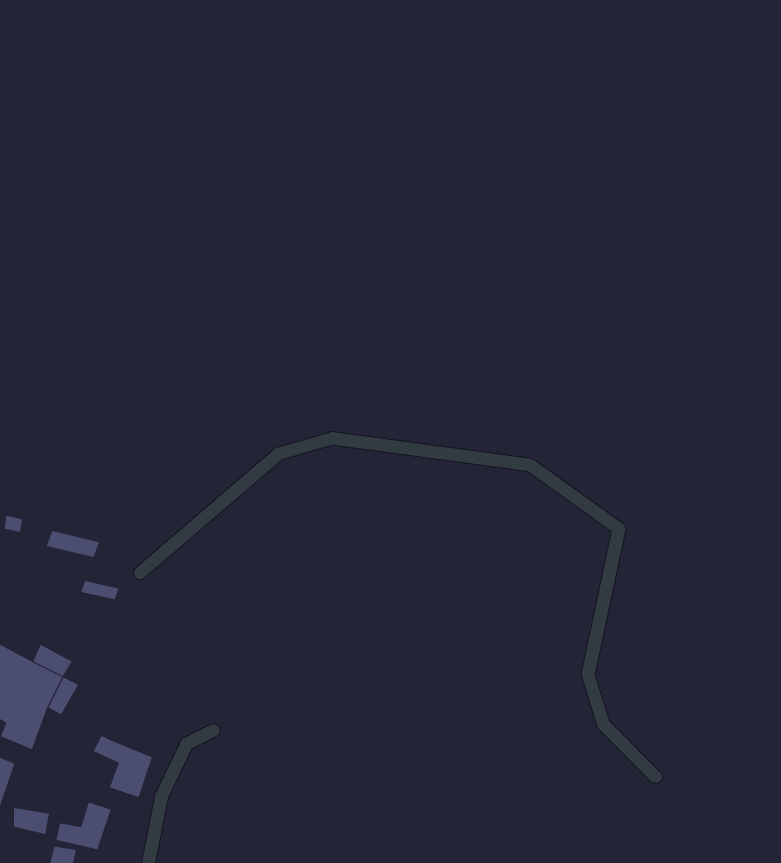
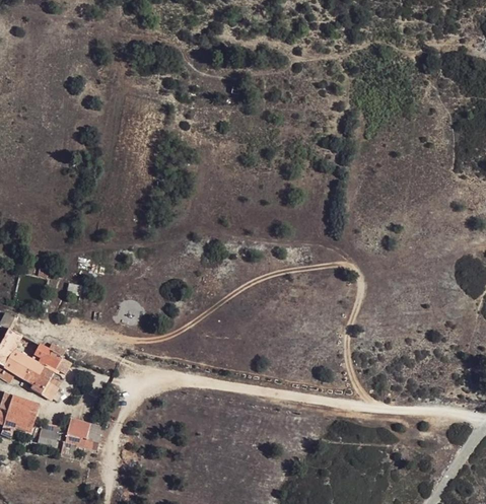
building: [93,735,153,798] -> none

